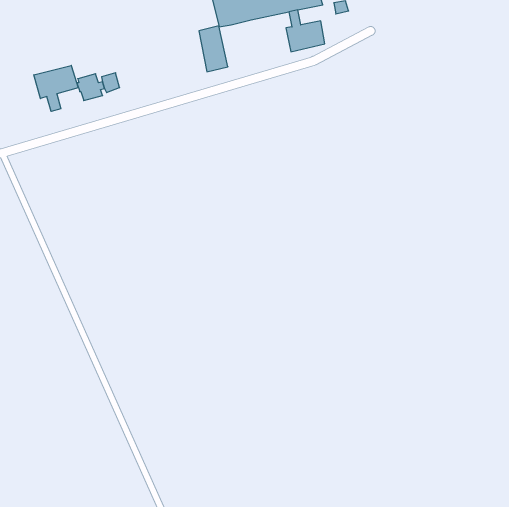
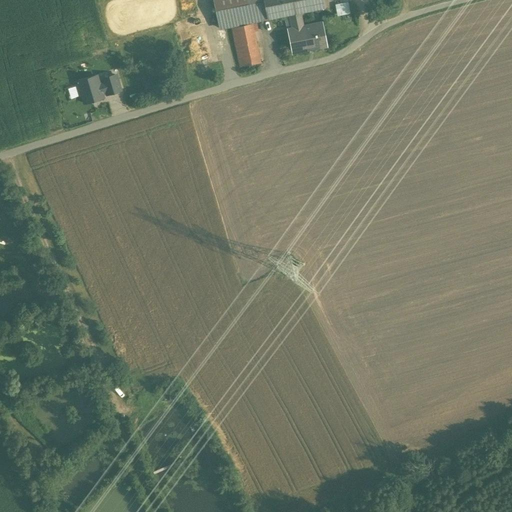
building: [199,26,228,72] -> [232,20,261,66]
building: [34,65,78,111] -> none

